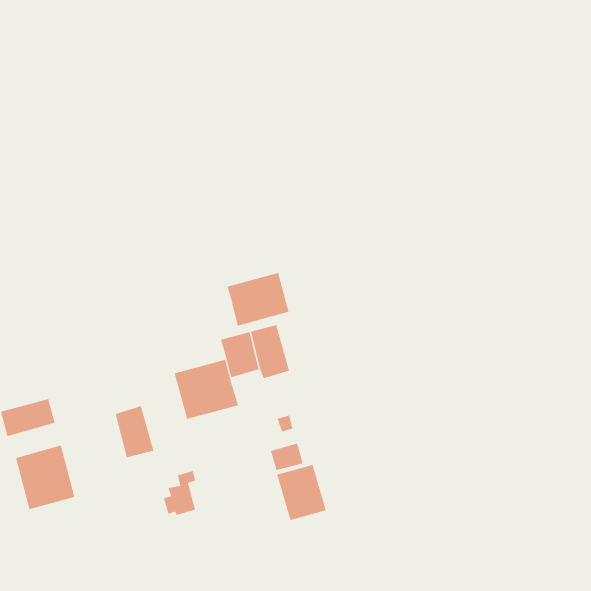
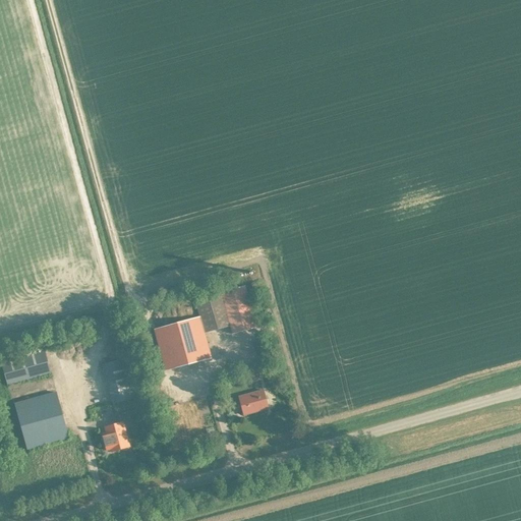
building: [227,272,289,326] -> none
building: [276,464,326,521] -> none
building: [163,470,196,516] -> [100,411,128,451]

